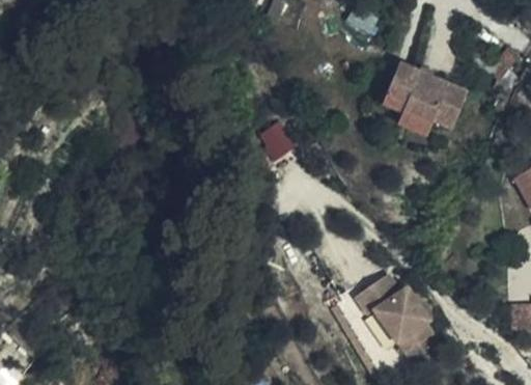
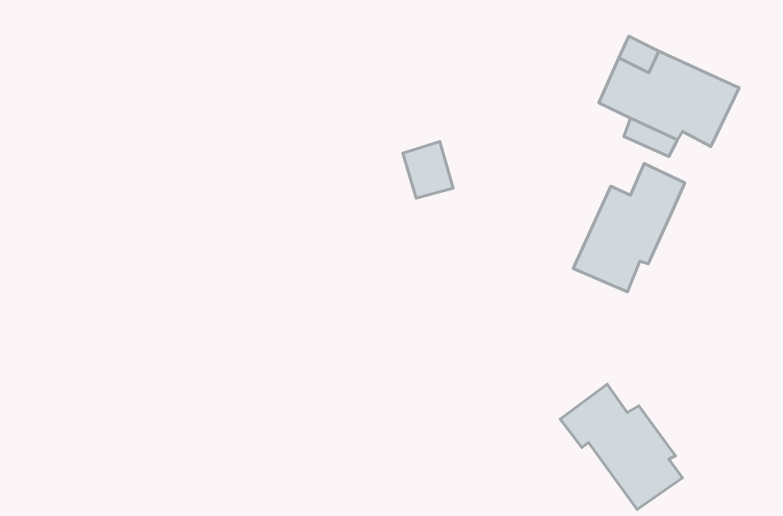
building: none -> [573,164,685,292]

